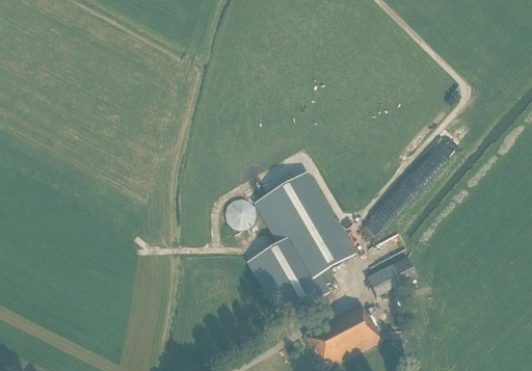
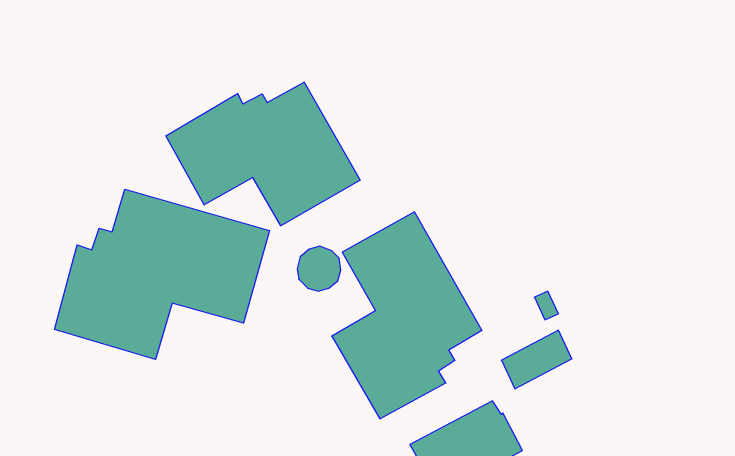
building: none -> [166,82,360,226]
building: none -> [55,189,270,359]

